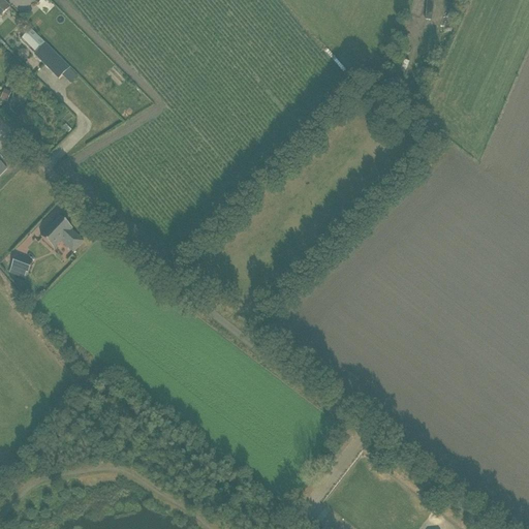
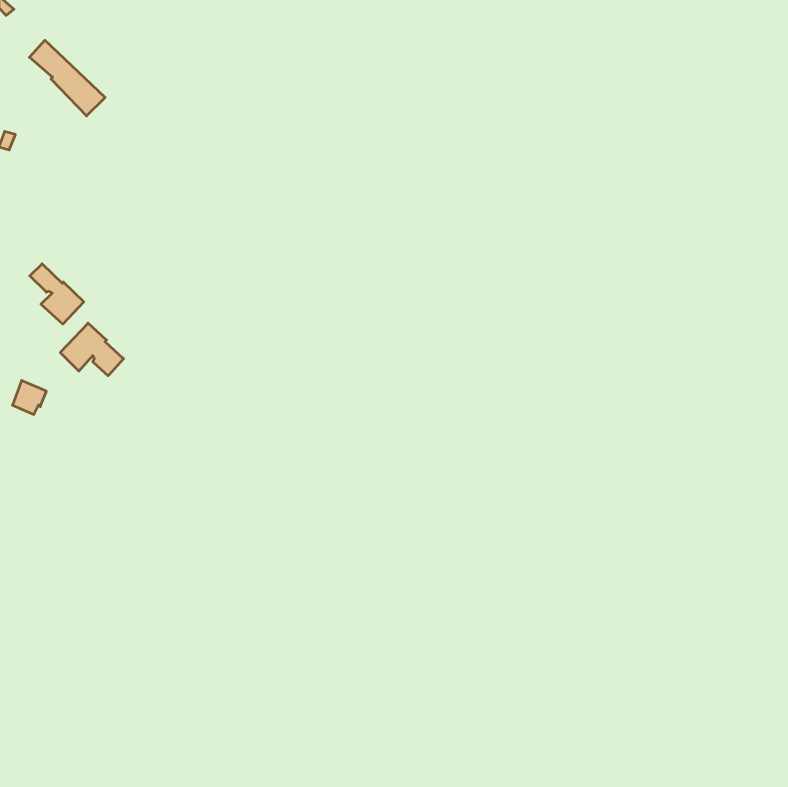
building: none -> [30,264,84,324]

